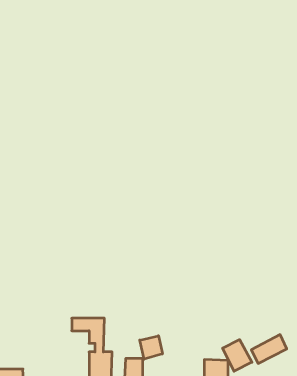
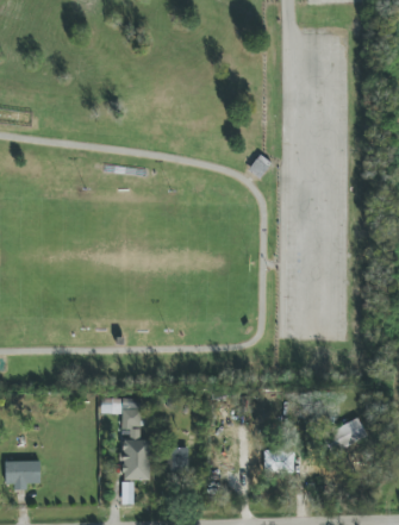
building: [140,336,162,359] -> none
building: [223,340,252,371] -> none

